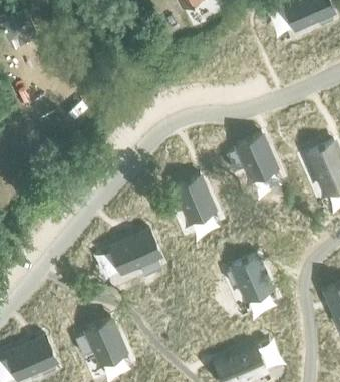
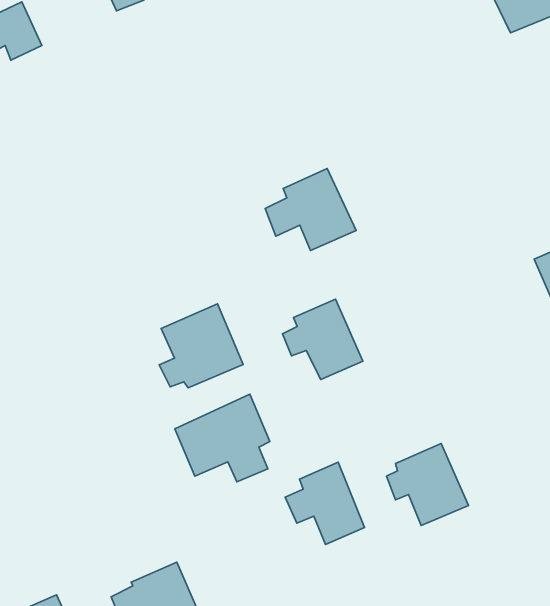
building: [226,134,276,179] -> [265,169,356,251]
building: none -> [159,304,243,388]
building: none -> [285,462,365,545]

